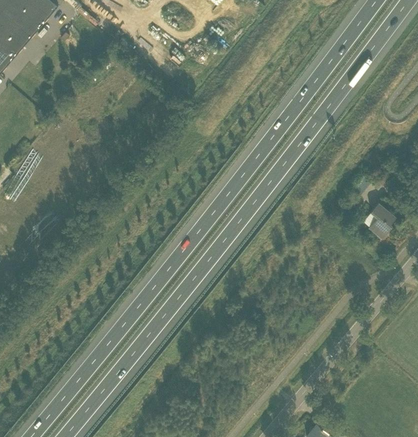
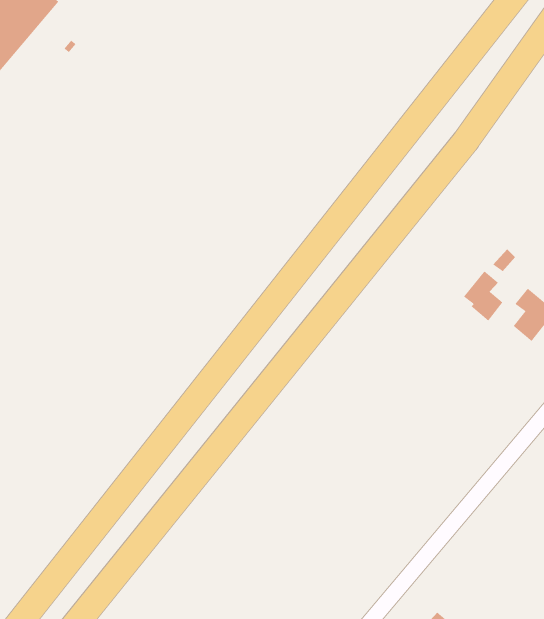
building: none -> [463,271,503,321]

